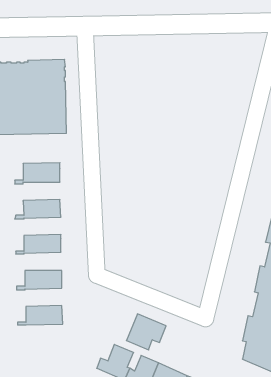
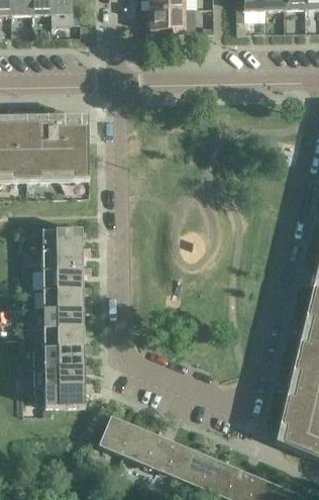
building: none -> [31,249,81,271]
building: none -> [32,288,82,309]
building: none -> [33,326,83,348]
building: none -> [33,366,83,387]
building: [126,314,166,350] -> [97,414,140,454]

